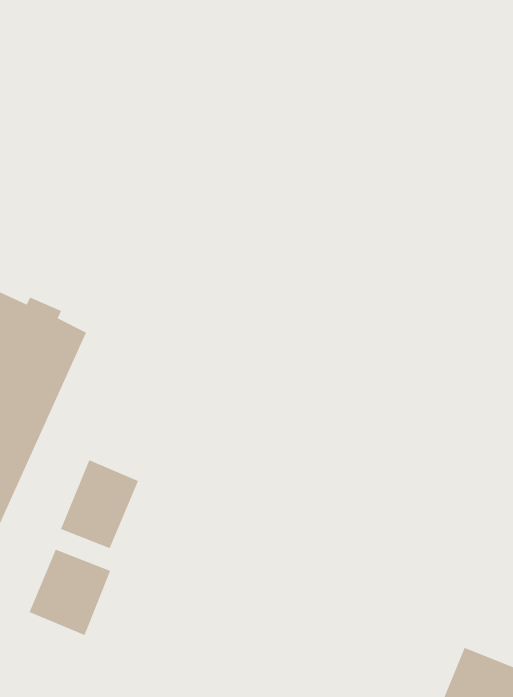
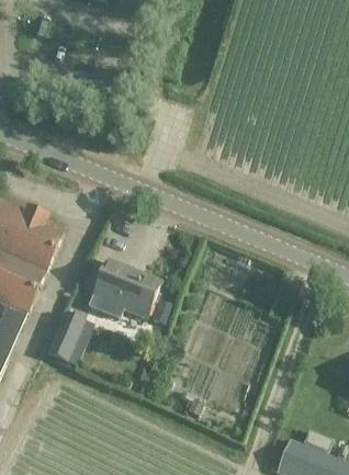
building: none -> [93,261,162,319]
building: [29,549,111,636] -> none

